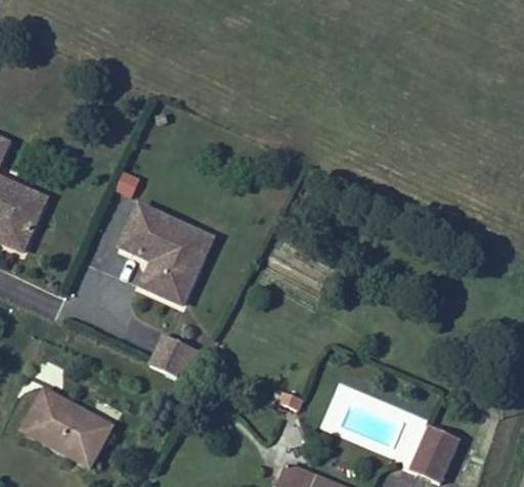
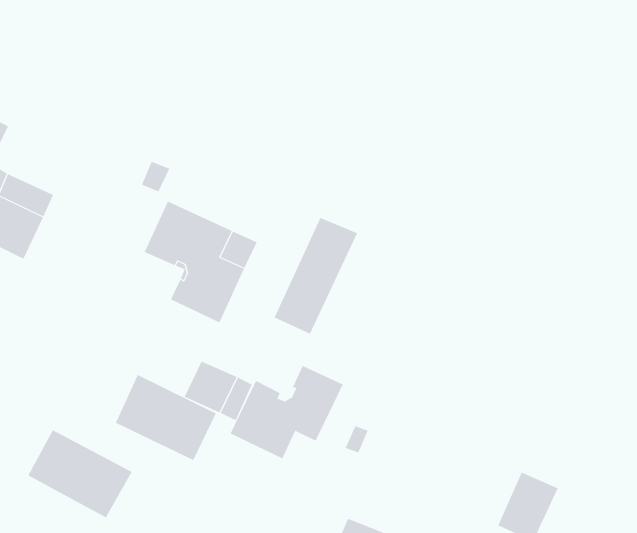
building: none -> [274,217,358,335]
building: none -> [230,365,344,459]
building: none -> [115,374,216,461]

